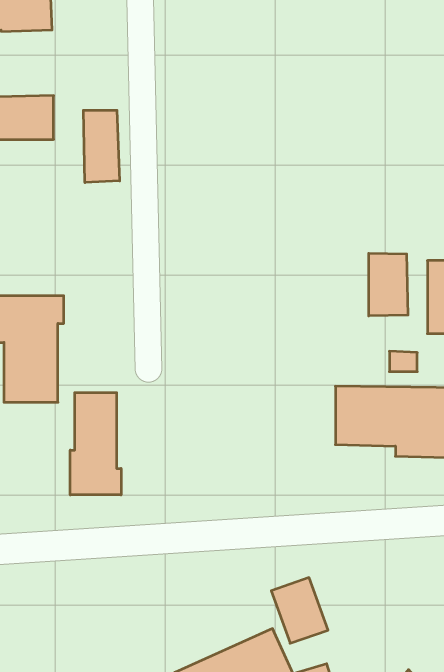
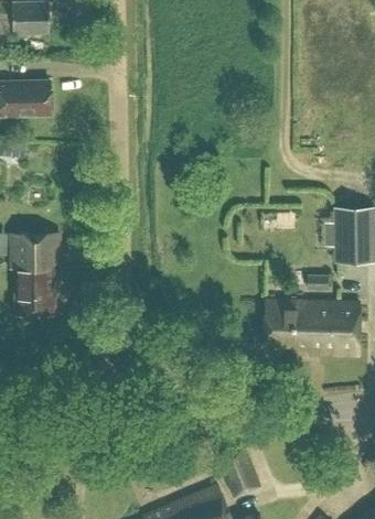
building: [83,110,120,183] -> none
building: [369,253,408,316] -> none
building: [70,393,121,495] -> none

